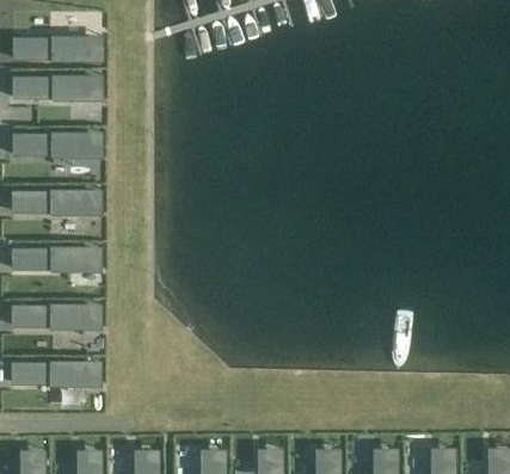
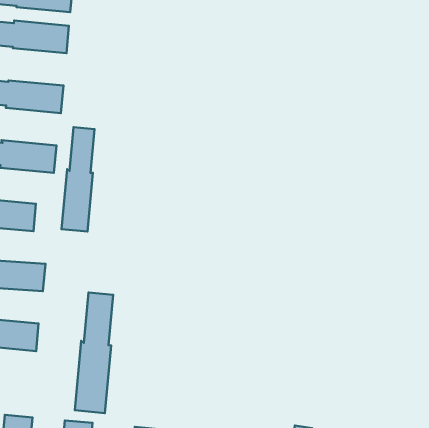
building: none -> [62,127,95,232]
building: none -> [75,293,113,413]

